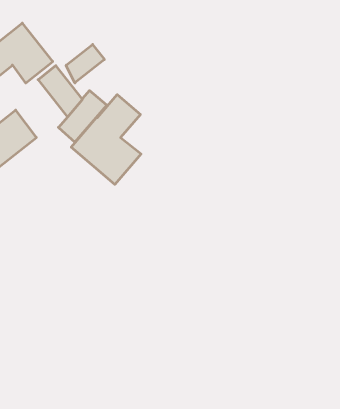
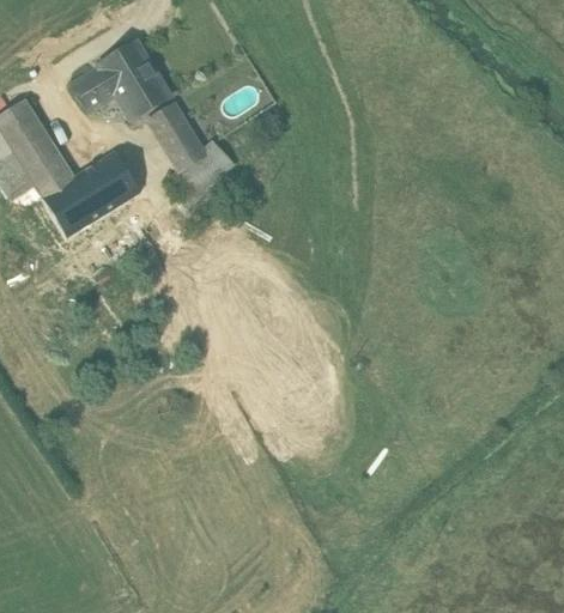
building: [66,44,104,83] -> none
building: [71,95,141,184] -> none

